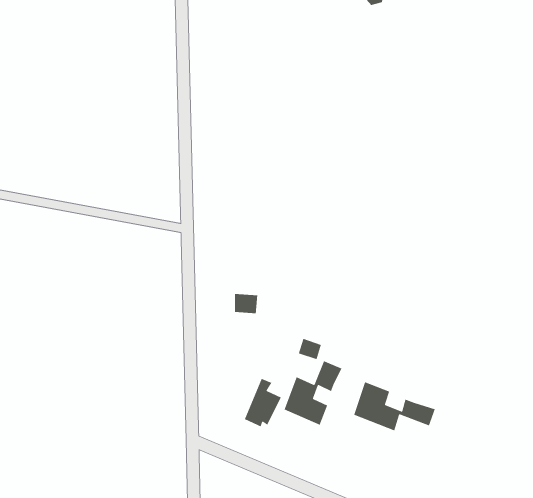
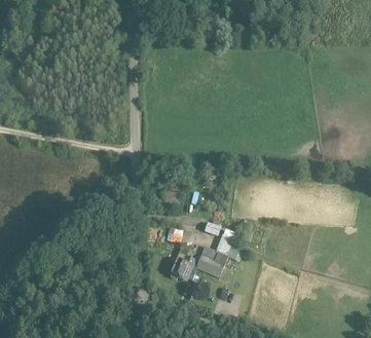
building: [353,381,436,432] -> none

